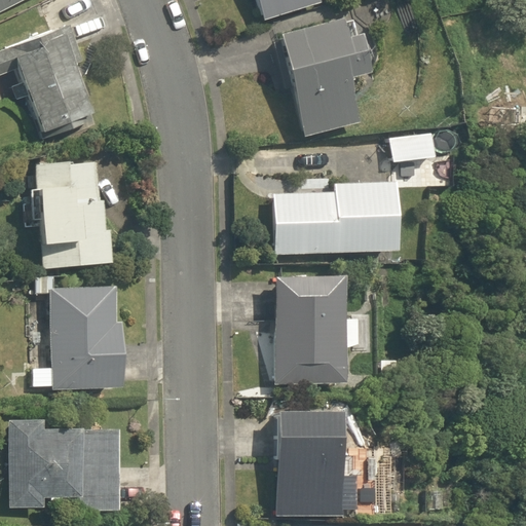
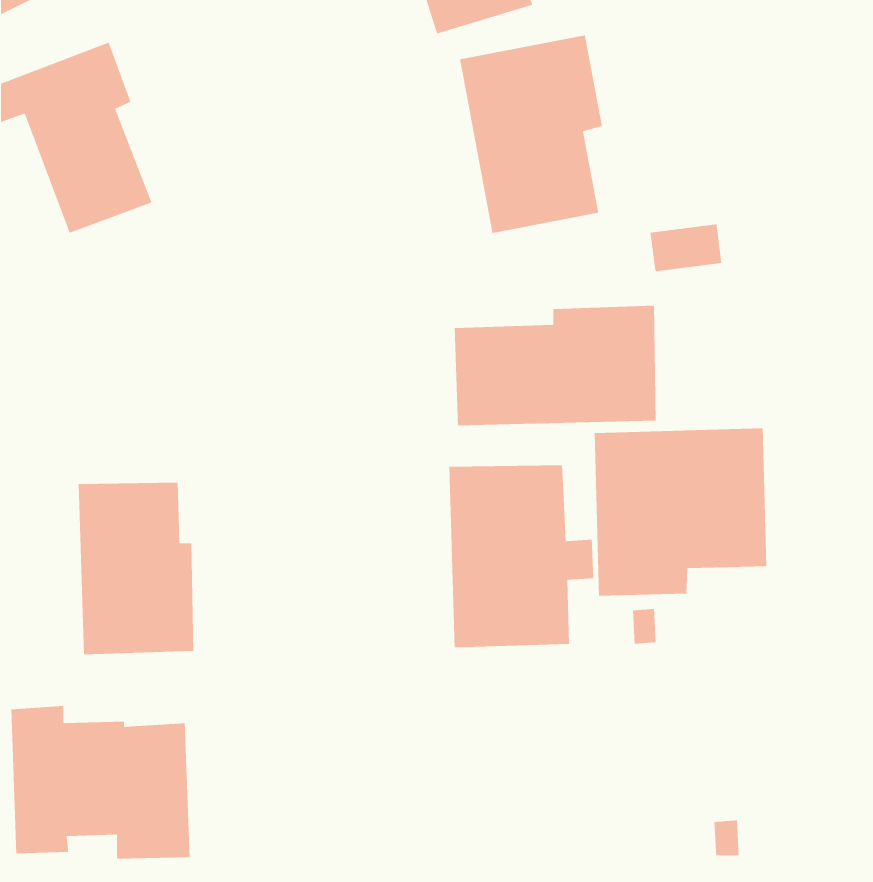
building: [37,162,112,268] -> none
building: none -> [594,428,767,597]
building: [275,411,359,516] -> none

